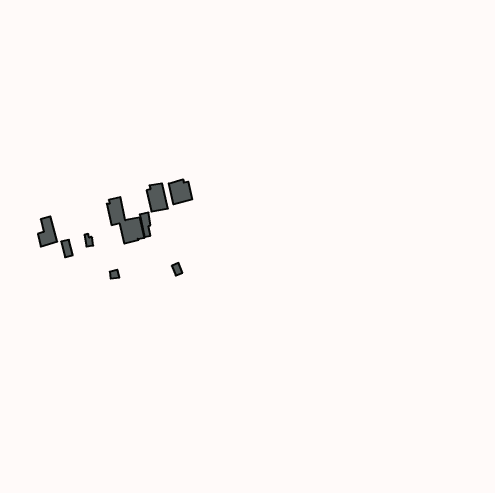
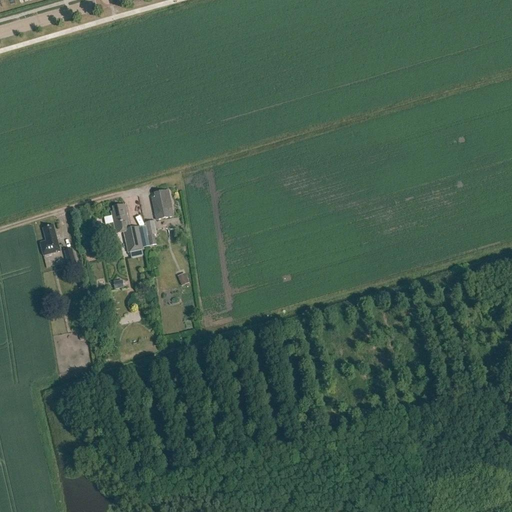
building: [169,179,192,204] -> none

